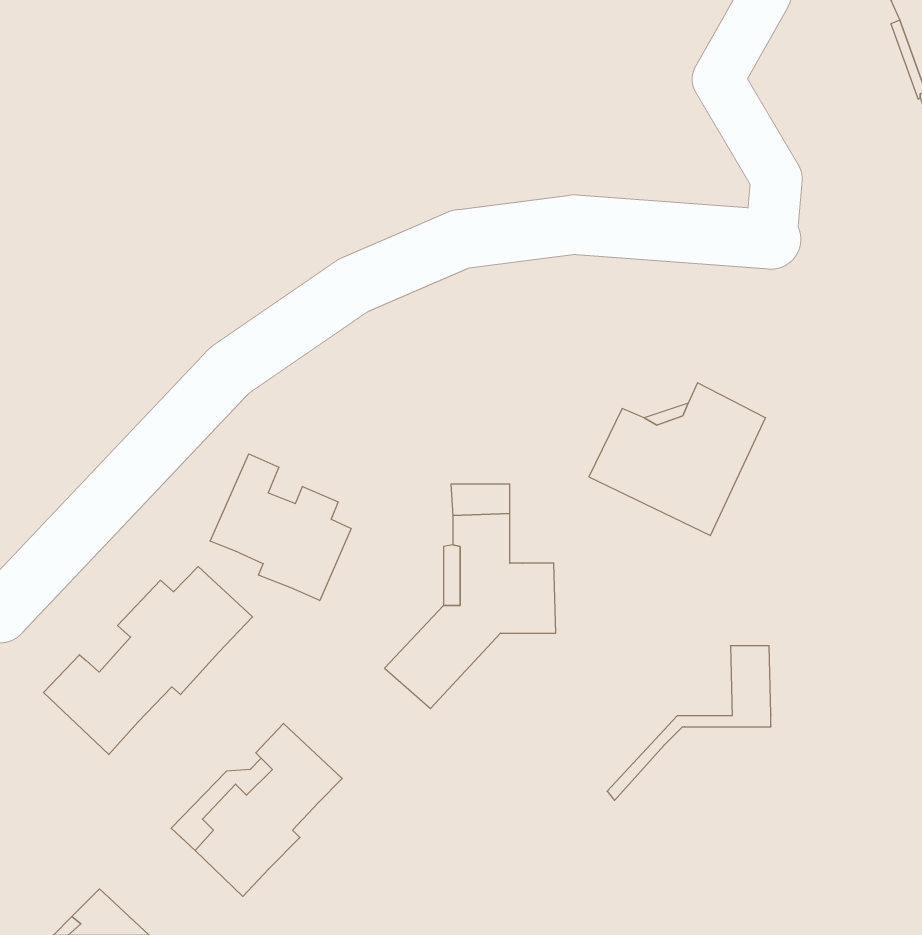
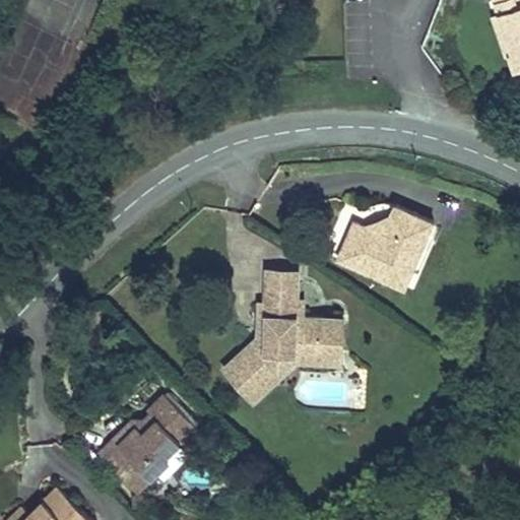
building: [210,454,351,601] -> none
building: [43,567,253,755] -> none
building: [607,646,771,800] -> [248,311,338,396]

